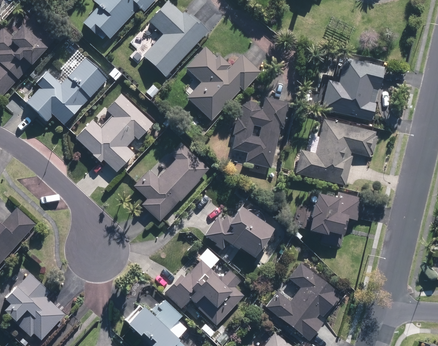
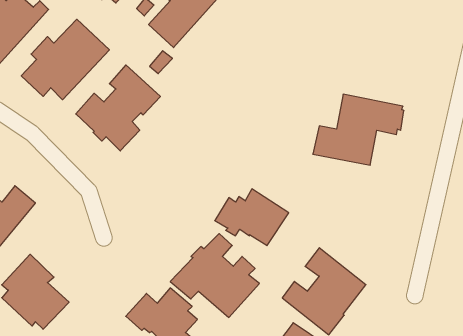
building: [183,47,259,121] -> none
building: [318,59,382,122] -> none
building: [229,98,288,169] -> none
building: [132,144,209,226] -> none
building: [303,193,362,248] -> none

